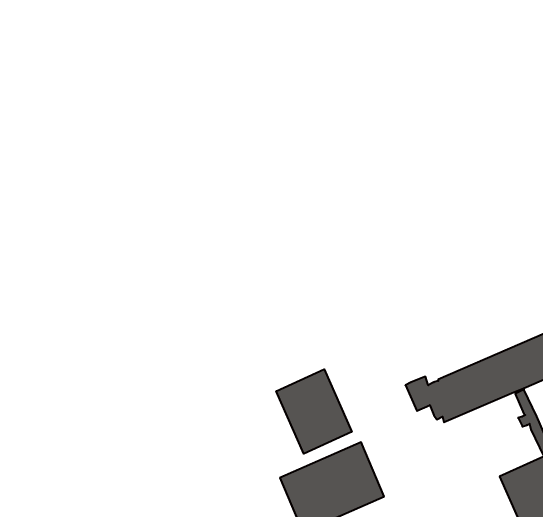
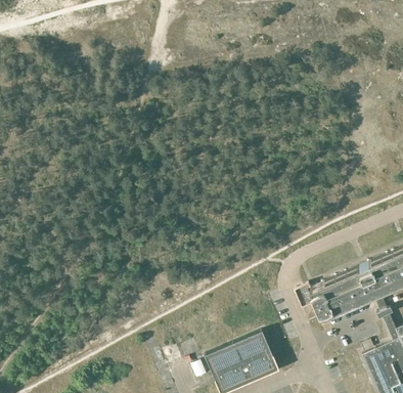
building: [276,369,352,454] -> none

